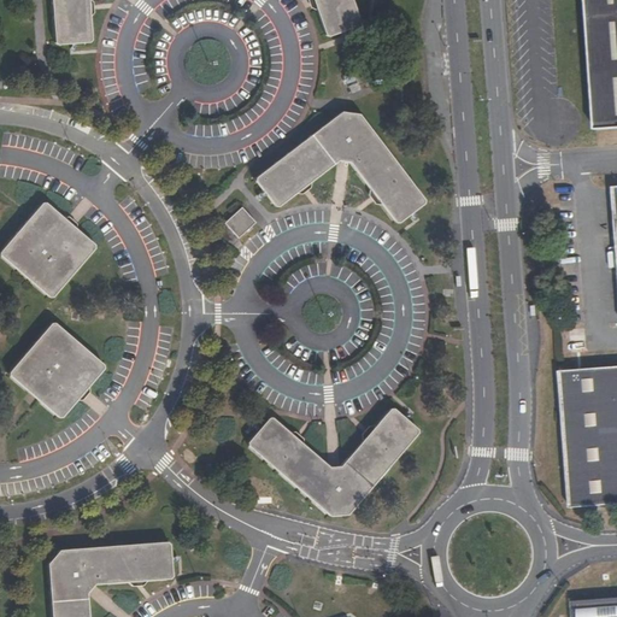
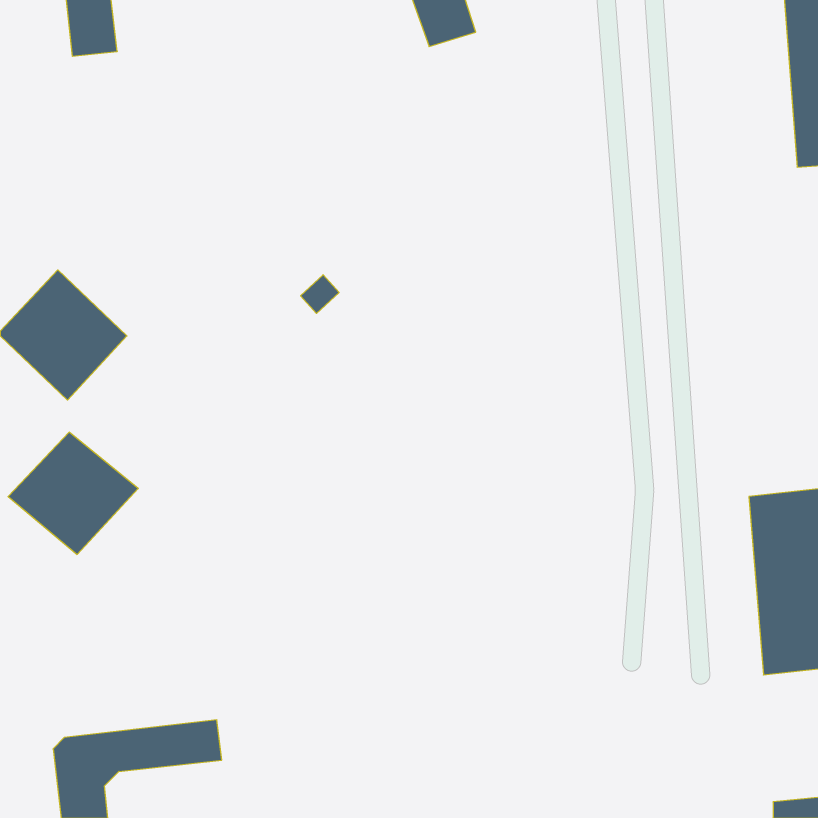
building: [253,111,418,218] -> none
building: [249,409,418,517] -> none

